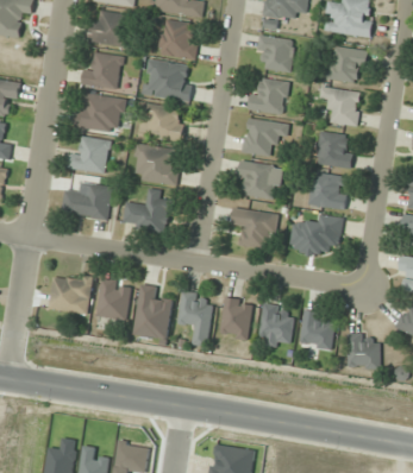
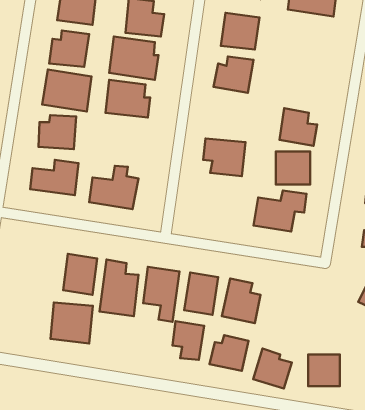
building: [327,45,368,82] -> none
building: [319,87,361,126] -> none
building: [242,118,288,157] -> none
building: [132,143,181,185] -> none
building: [231,207,279,250] -> none
building: [49,272,92,314] -> [50,302,93,343]
building: [298,309,337,349] -> [253,348,292,388]
building: [348,335,380,367] -> [308,355,340,386]
building: none -> [172,321,204,360]
building: none -> [210,335,248,371]

